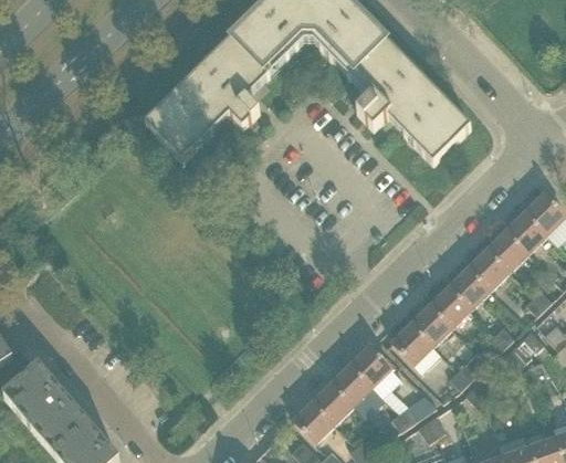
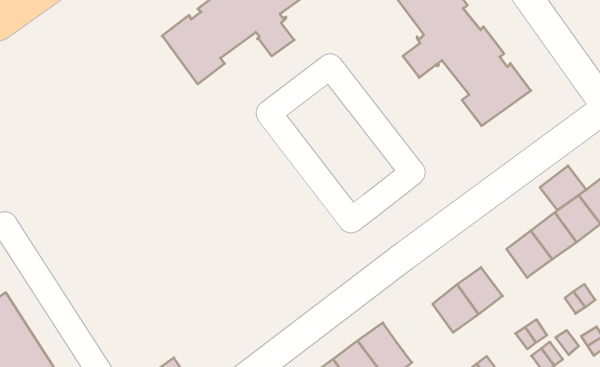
building: none -> [540,166,586,210]
building: [450,266,491,307] -> none
building: [392,323,441,371] -> none

